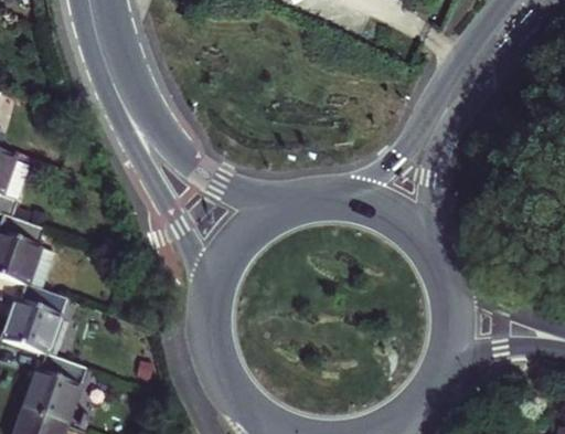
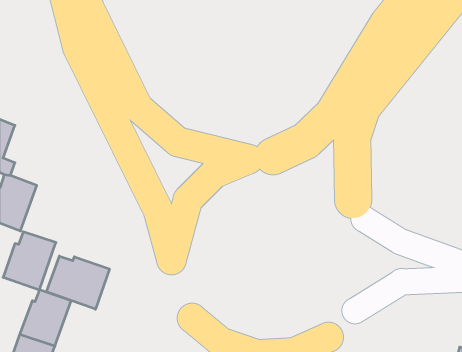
building: none -> [46,256,109,309]

